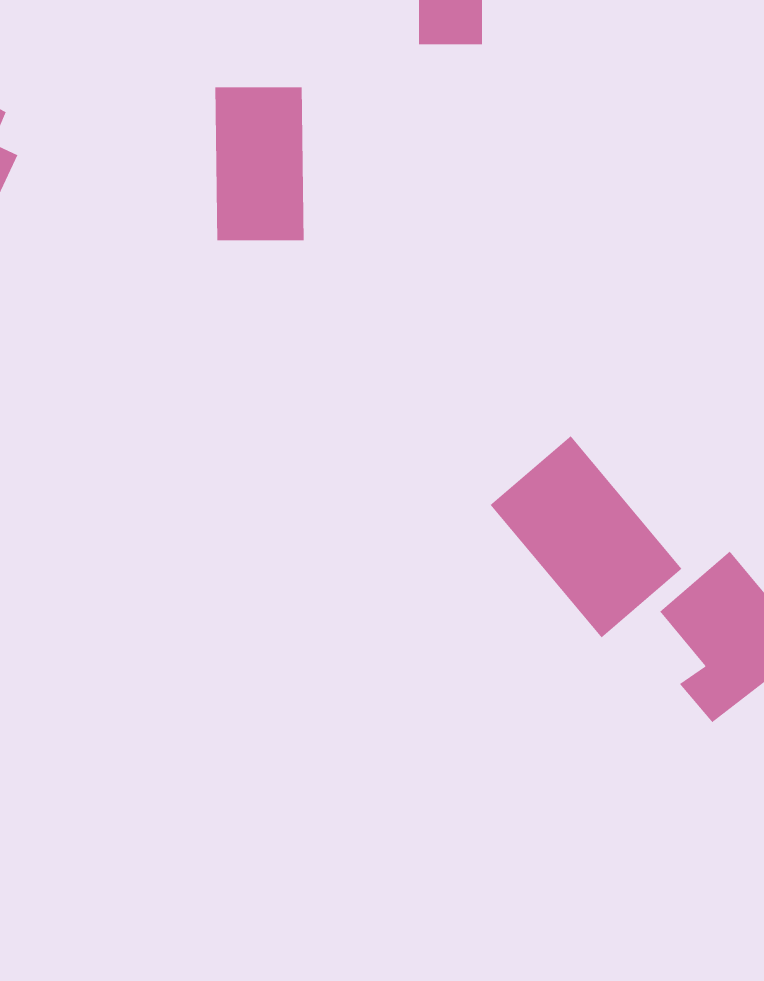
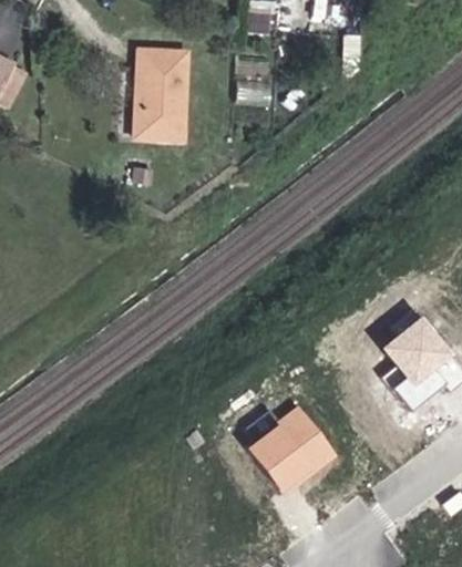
building: [489,435,683,638] -> none
building: none -> [243,404,340,494]

